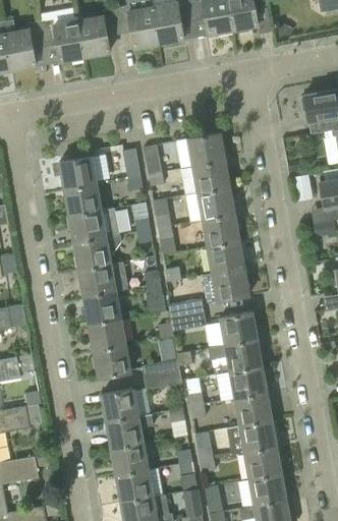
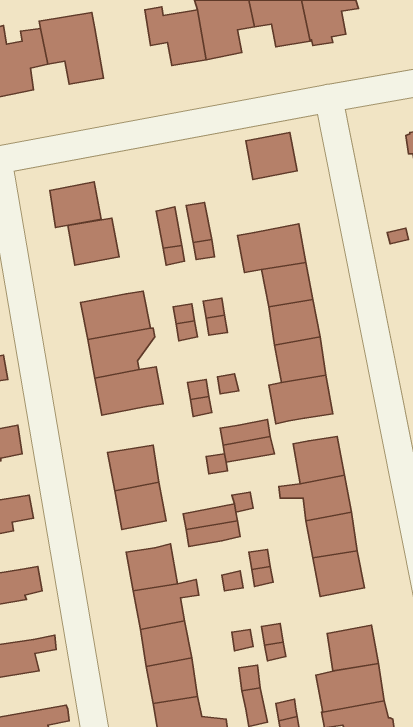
building: [78,8,118,57] -> none
building: [187,133,224,167] -> [246,132,297,179]
building: [64,184,101,217] -> [50,182,101,228]
building: [83,291,120,324] -> none
building: [226,420,276,455] -> none

